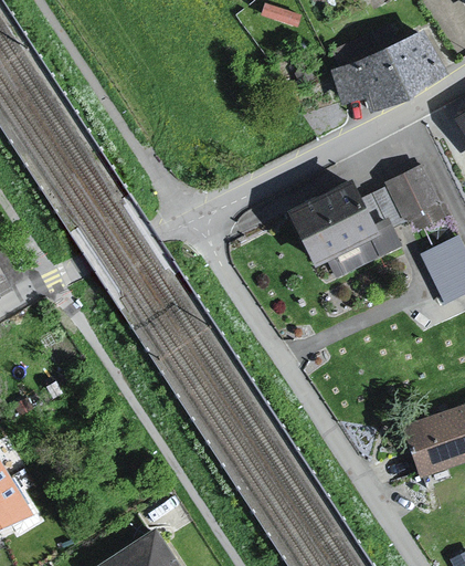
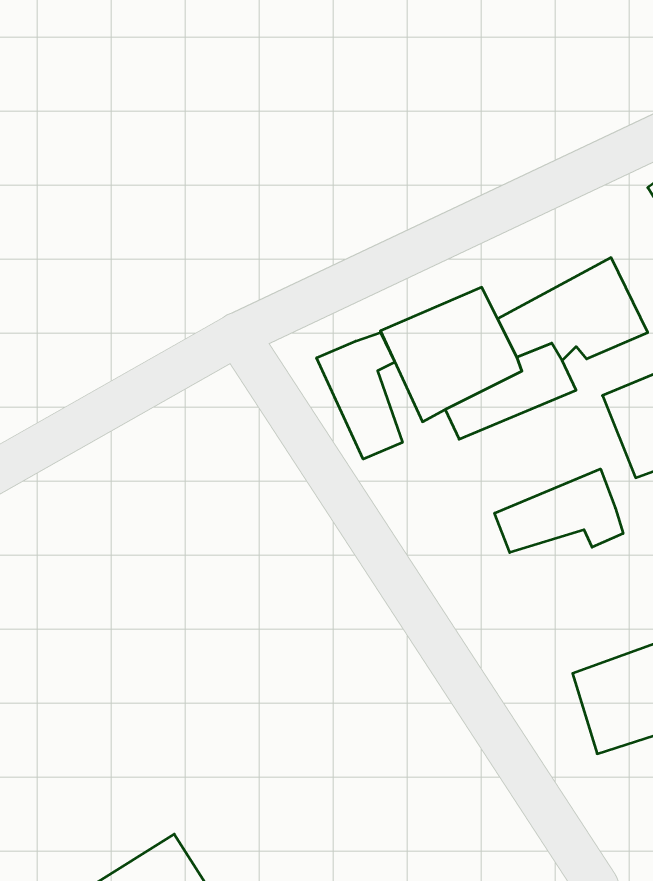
building: [330,32,441,111] -> none
building: none -> [317,332,402,459]
building: none -> [495,469,623,553]

